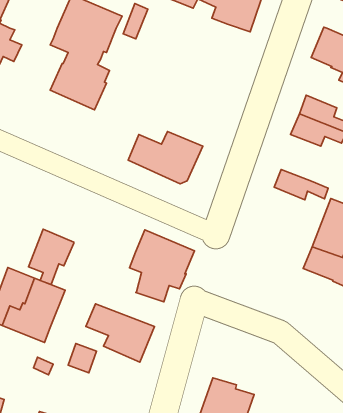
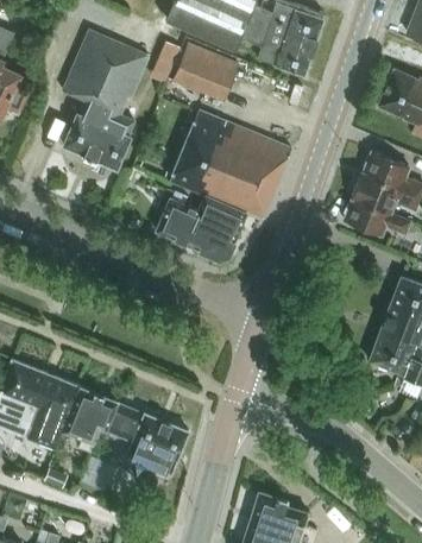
building: none -> [174,45,238,101]
building: none -> [169,111,291,219]
building: [274,169,328,200] -> [345,198,410,235]
building: [28,229,74,284] -> [63,386,118,453]
building: [130,230,195,302] -> none

